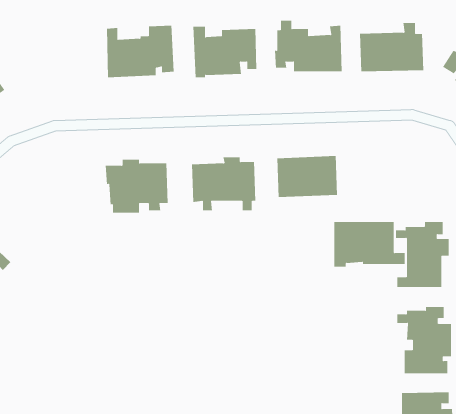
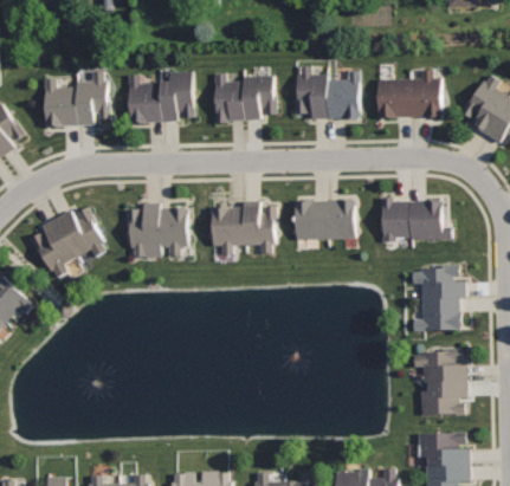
building: none -> [43,71,108,125]
building: none -> [27,208,106,277]
building: [333,221,405,267] -> [381,197,452,242]

